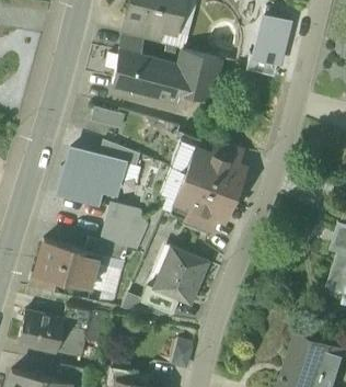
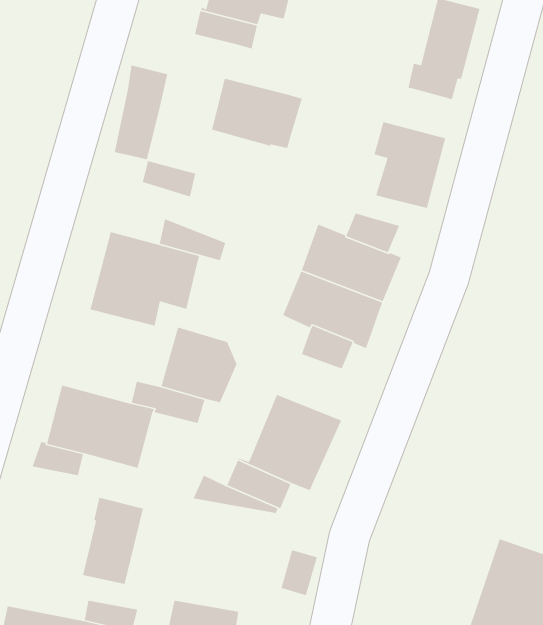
building: [113,35,145,91] -> [114,65,168,160]
building: [178,50,221,102] -> [373,121,446,209]
building: [19,311,65,352] -> none

